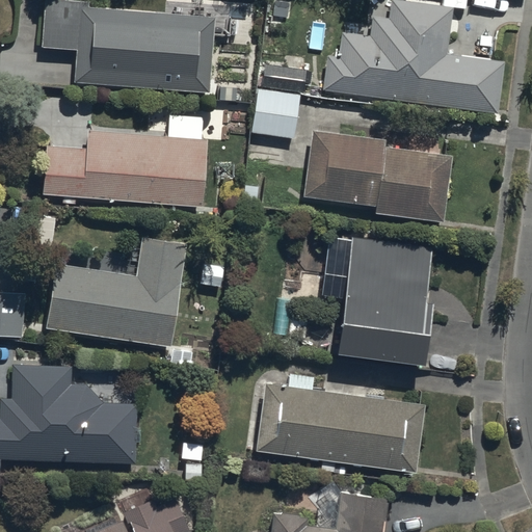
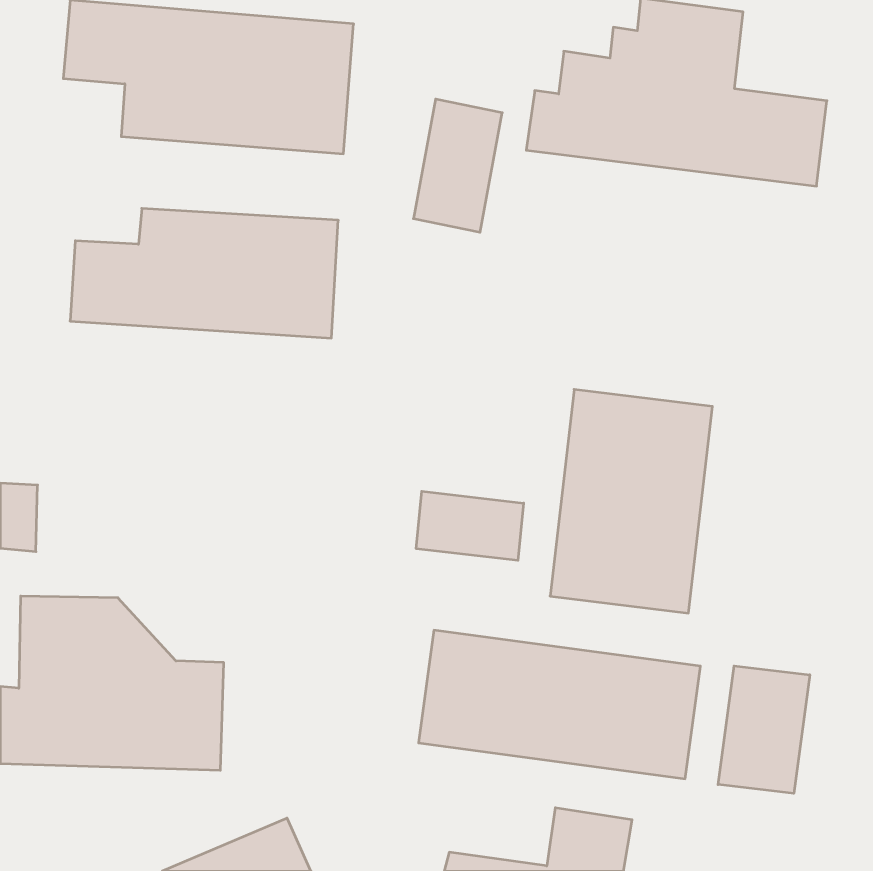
building: [300,132,455,222] -> none
building: [45,236,185,349] -> none
building: none -> [416,491,524,560]
building: none -> [718,666,810,793]

